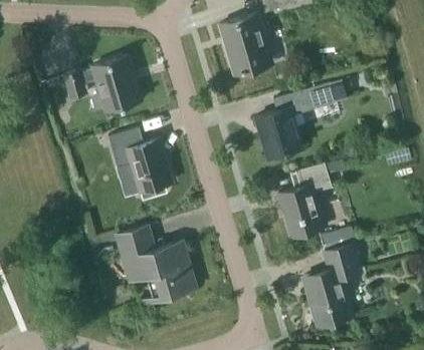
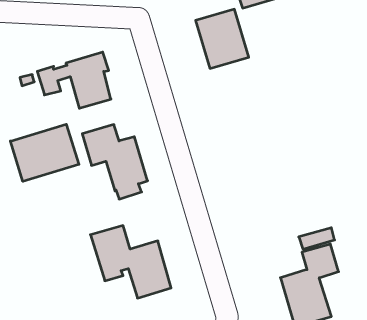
building: [255,83,336,158] -> none
building: none -> [10,124,79,181]
building: [277,164,332,239] -> none

